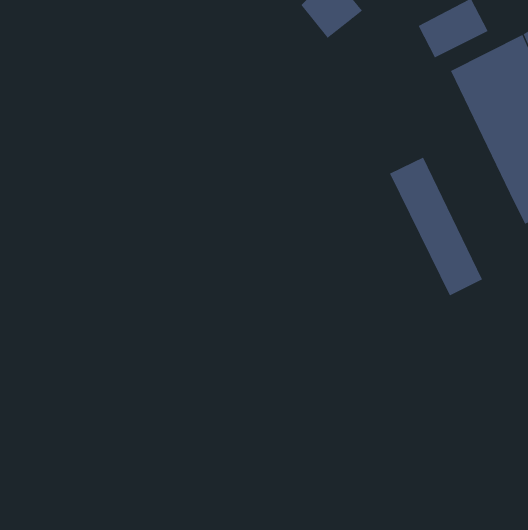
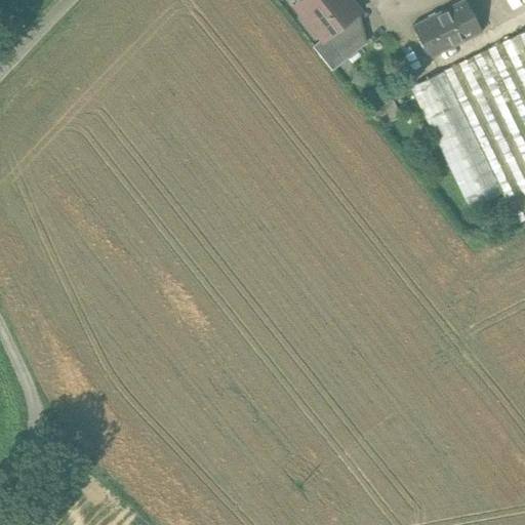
building: none -> [315,18,369,70]
building: [389,157,483,296] -> [413,70,506,207]

